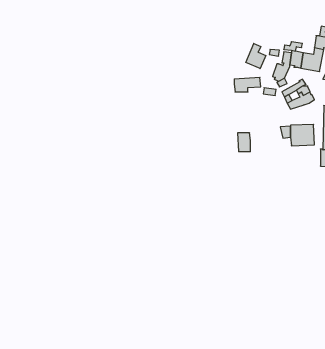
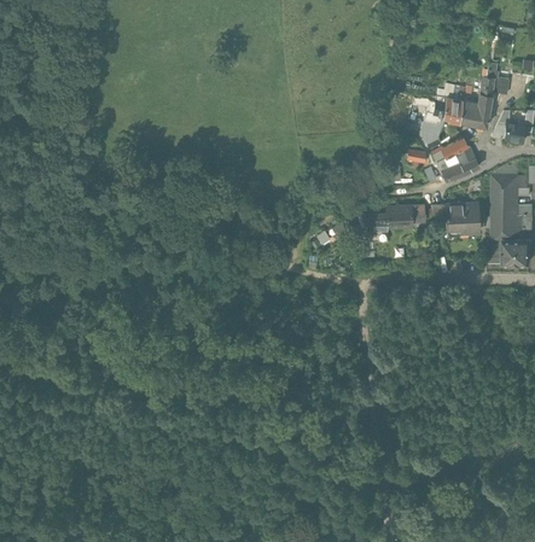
building: [246,43,266,69] -> none
building: [234,77,261,92] -> [389,204,426,225]

